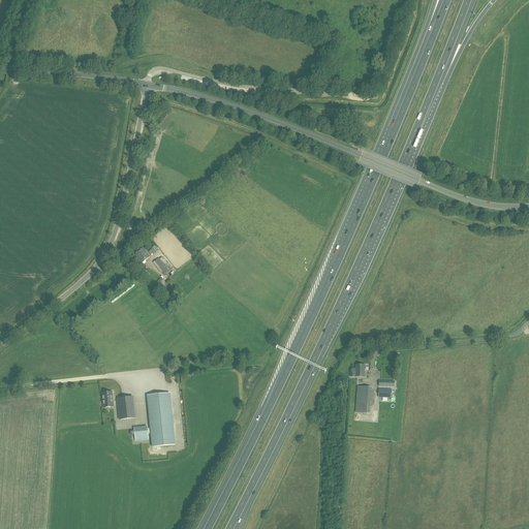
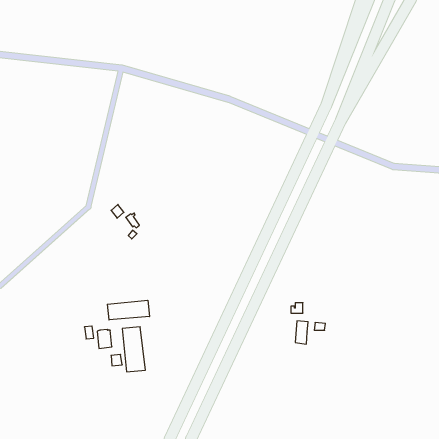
building: none -> [107,300,149,320]

